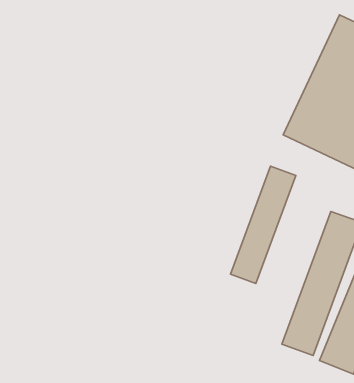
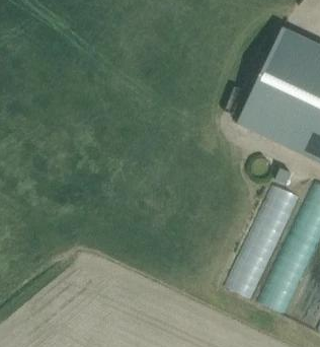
building: [231,166,296,284] -> none

